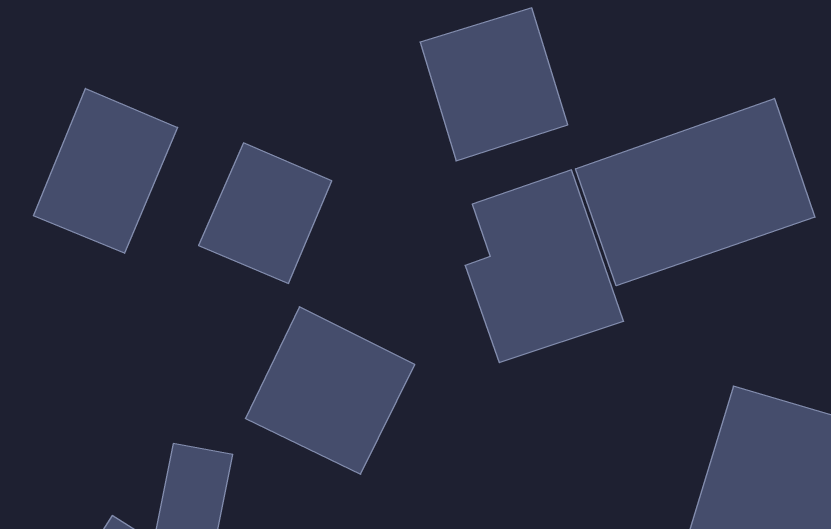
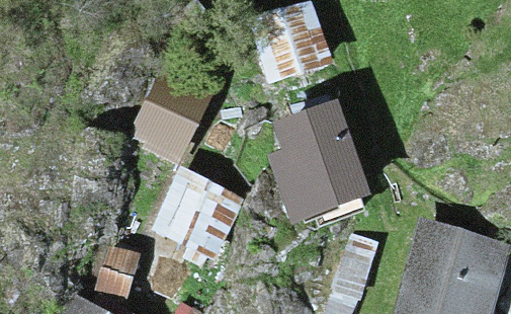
building: [34,88,178,253] -> none
building: [576,98,815,286] -> none

